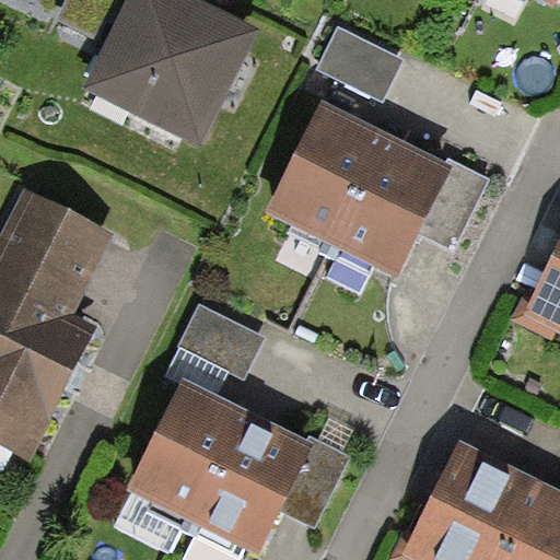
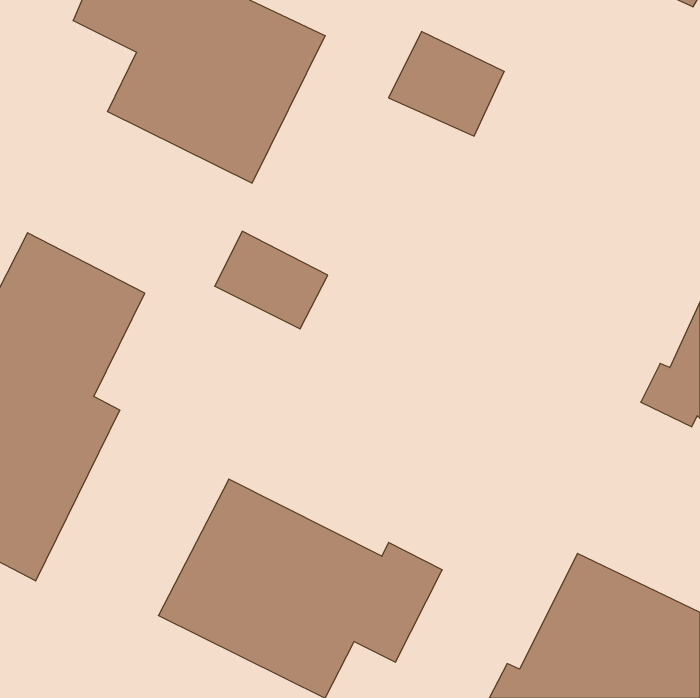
building: [264,102,488,280] -> none
building: [174,301,264,378] -> [215,231,328,329]

